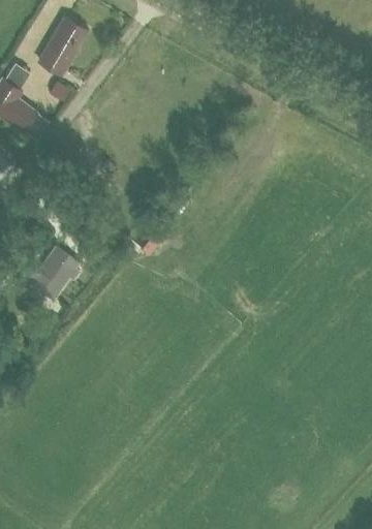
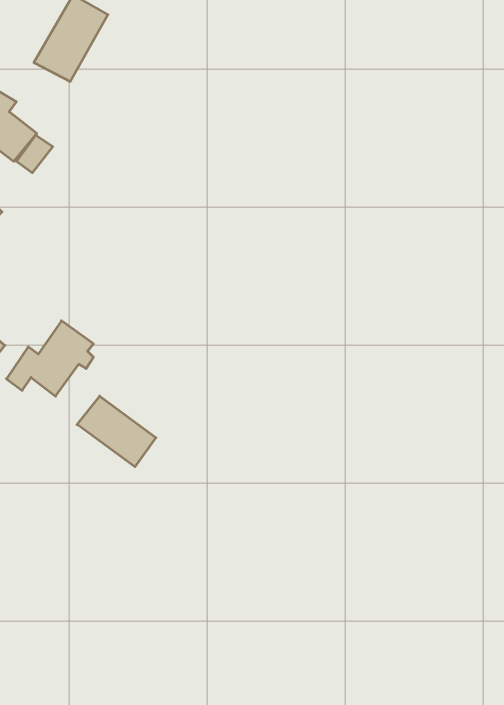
building: none -> [77,396,156,467]

